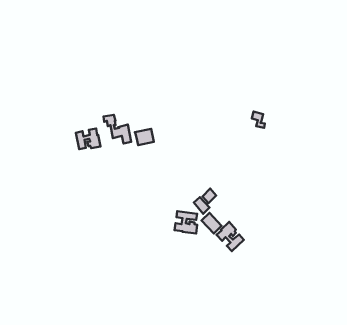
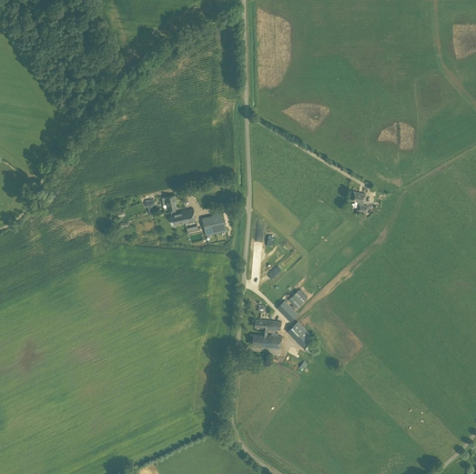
building: [76,129,100,149] -> none
building: [217,222,244,251] -> none

